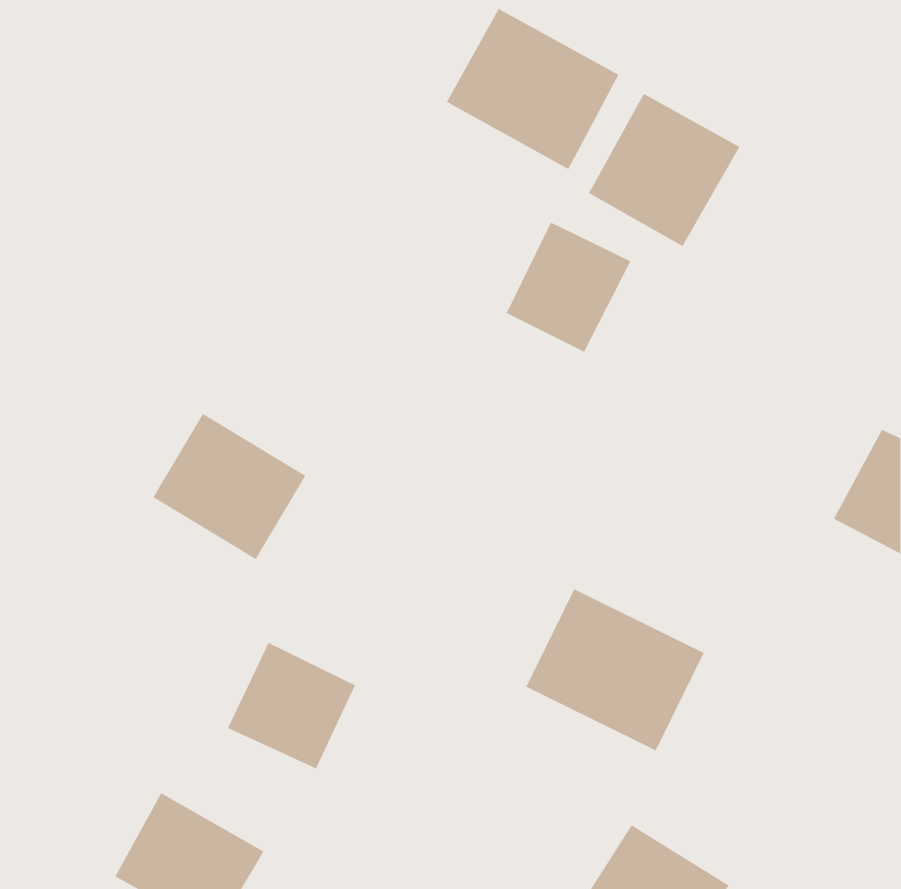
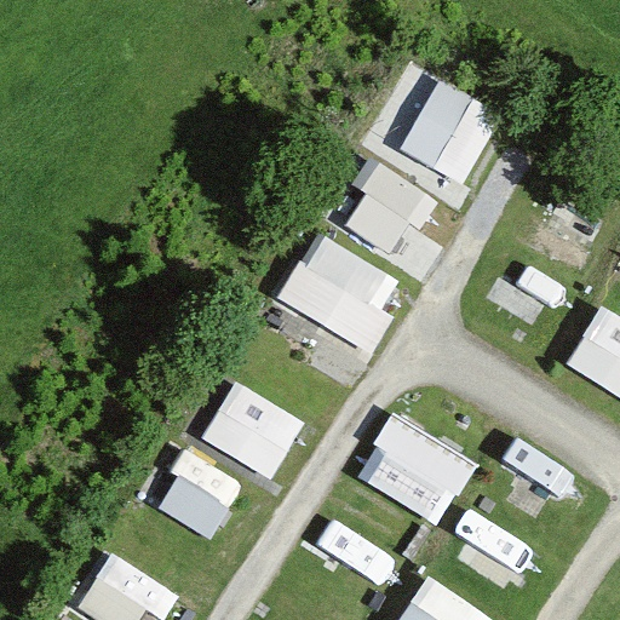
building: [446,8,619,170] -> none
building: none -> [275,232,407,358]
building: [152,413,306,560] -> [200,380,304,480]

